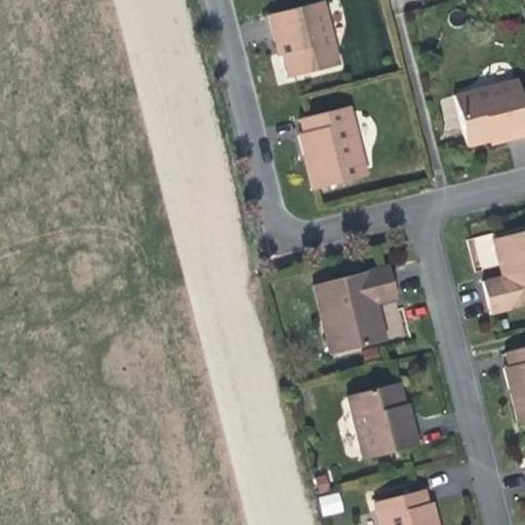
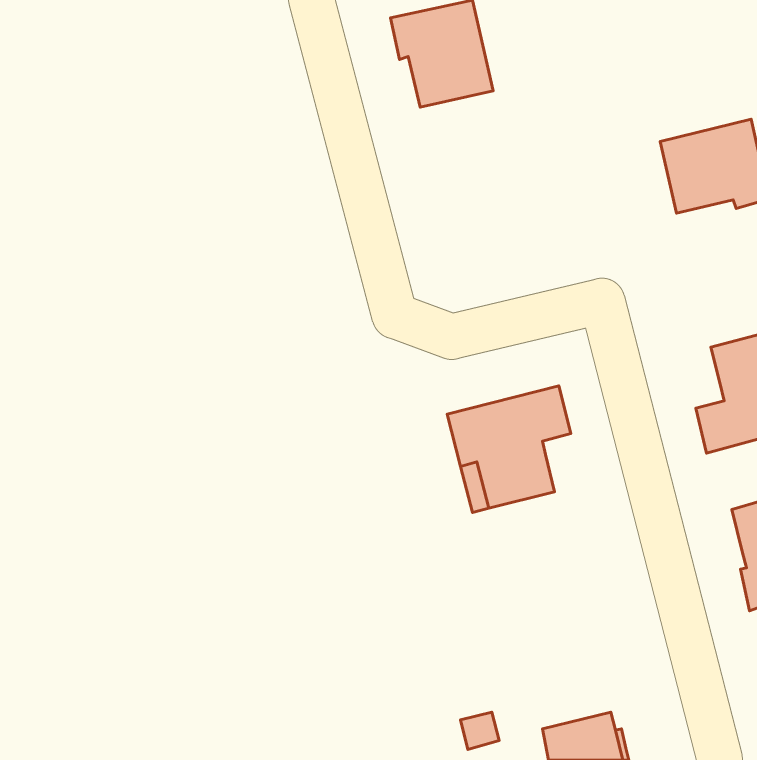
building: [305,108,370,189] -> none
building: [347,378,418,458] -> none

